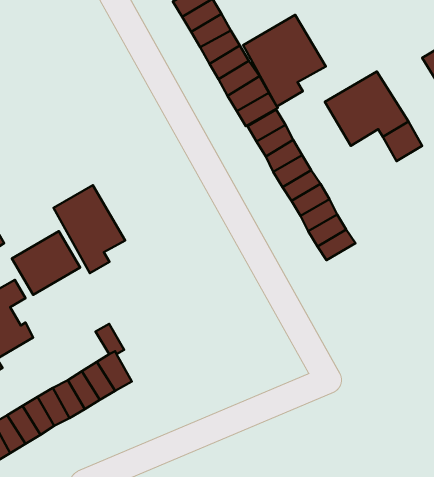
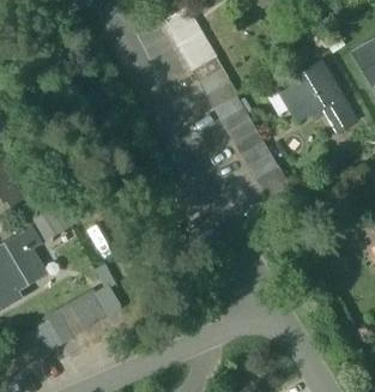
building: [243,15,326,106] -> none
building: [54,185,125,273] -> none

